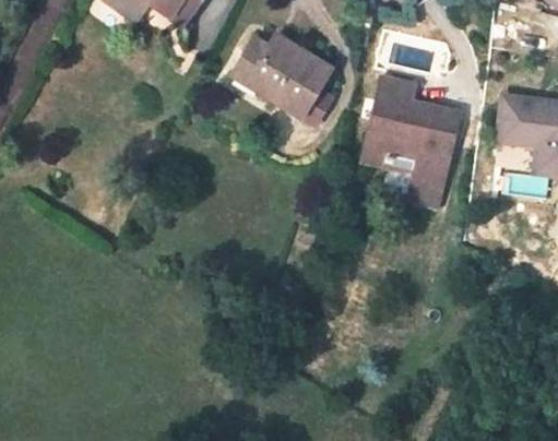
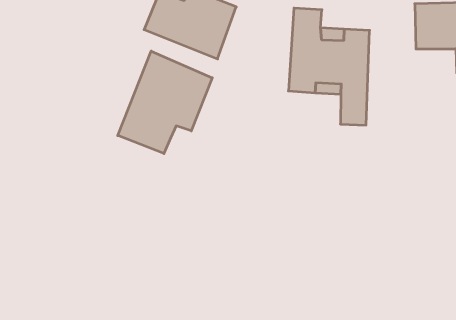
building: none -> [118,51,212,154]

